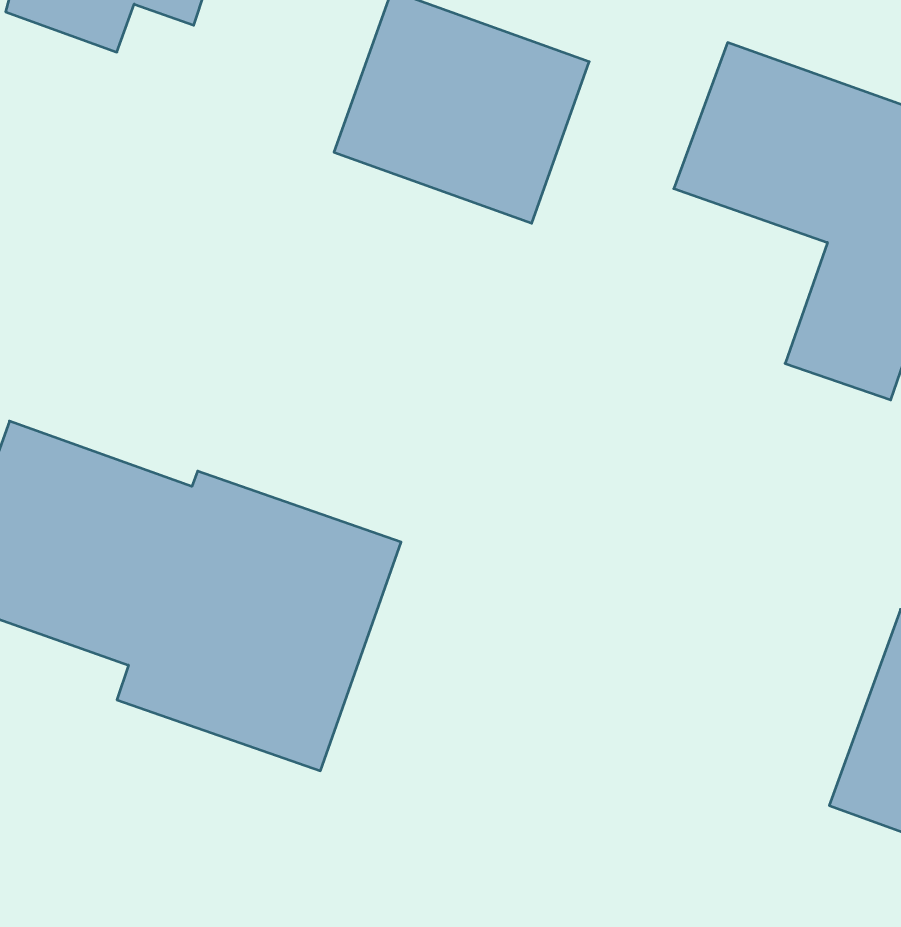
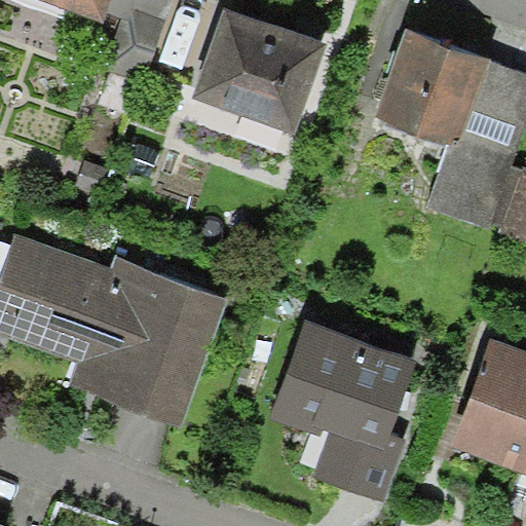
building: none -> [270,321,418,496]

